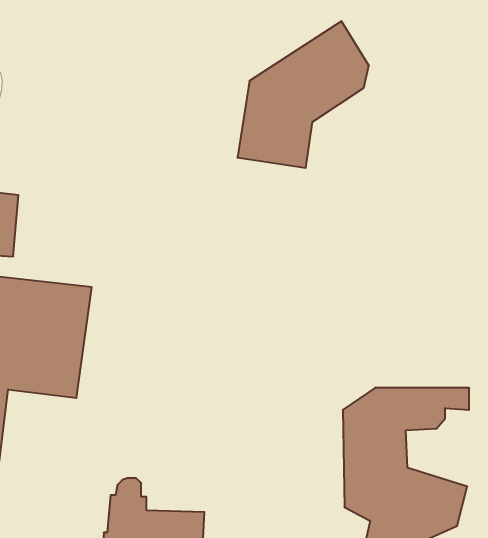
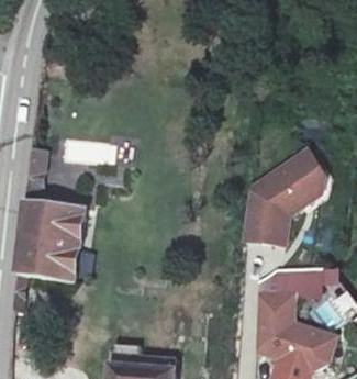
building: [237,21,369,168] -> [244,148,328,243]

